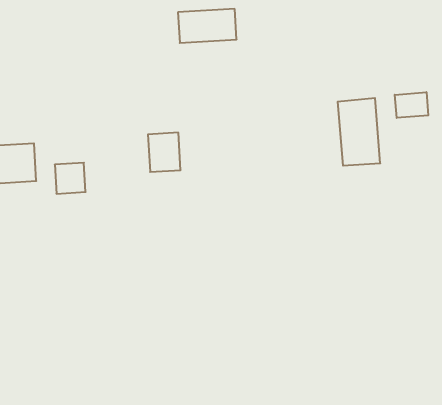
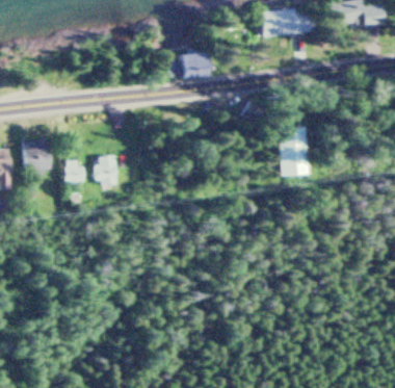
building: [395,92,428,118] -> none
building: [148,133,181,172] -> [97,156,120,184]

